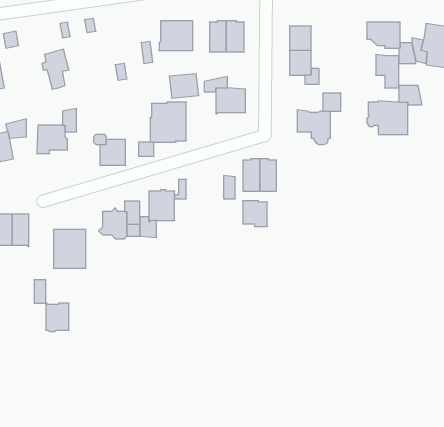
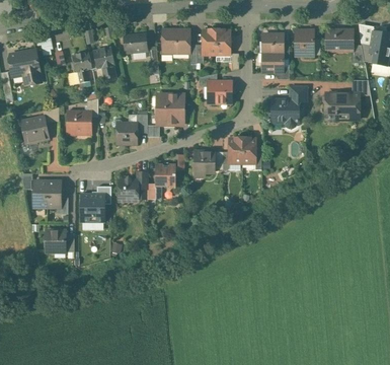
building: none -> [87,48,114,78]
building: [376,54,399,88] -> [294,29,312,56]
building: [169,74,199,98] -> [123,33,146,53]
building: [243,201,267,226] -> [193,151,213,171]
building: [46,303,69,331] -> [46,230,64,252]

